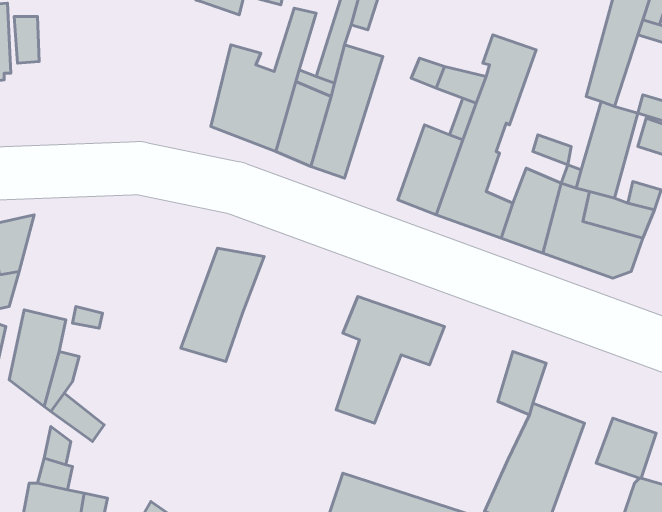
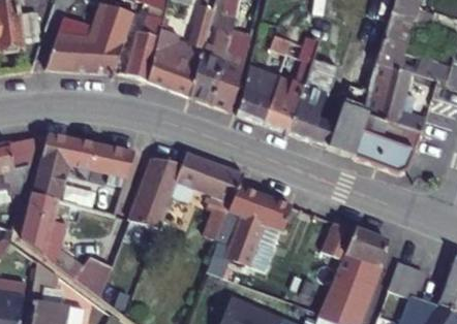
building: none -> [56,7,131,73]
building: none -> [127,20,161,80]
building: none -> [236,68,279,126]
building: none -> [31,133,131,200]
building: none -> [166,151,243,241]
building: none -> [346,227,388,264]
building: none -> [73,256,112,296]

